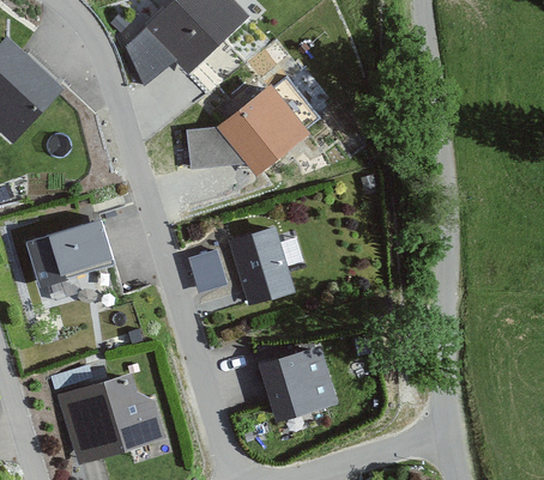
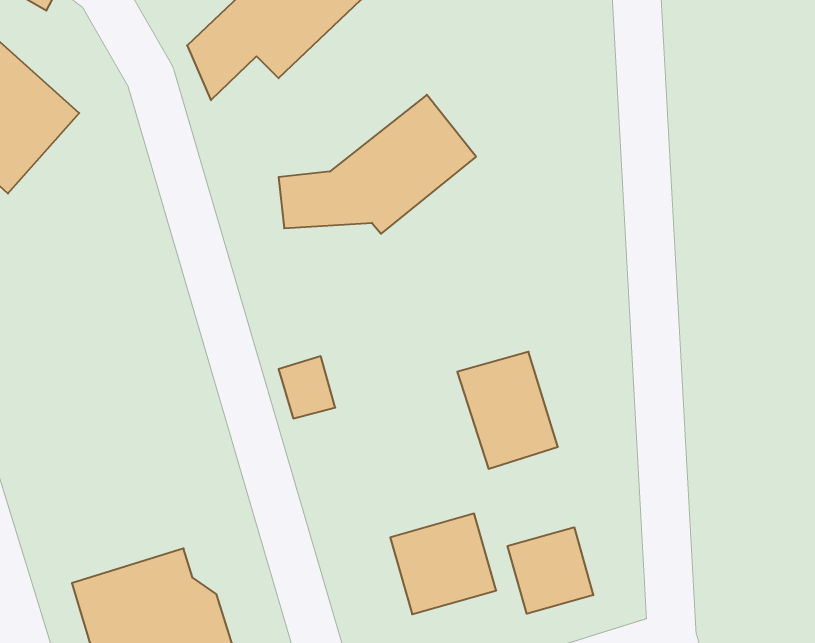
building: [30,220,114,280] -> none
building: [226,230,292,306] -> [457,352,558,469]
building: none -> [508,527,593,614]

